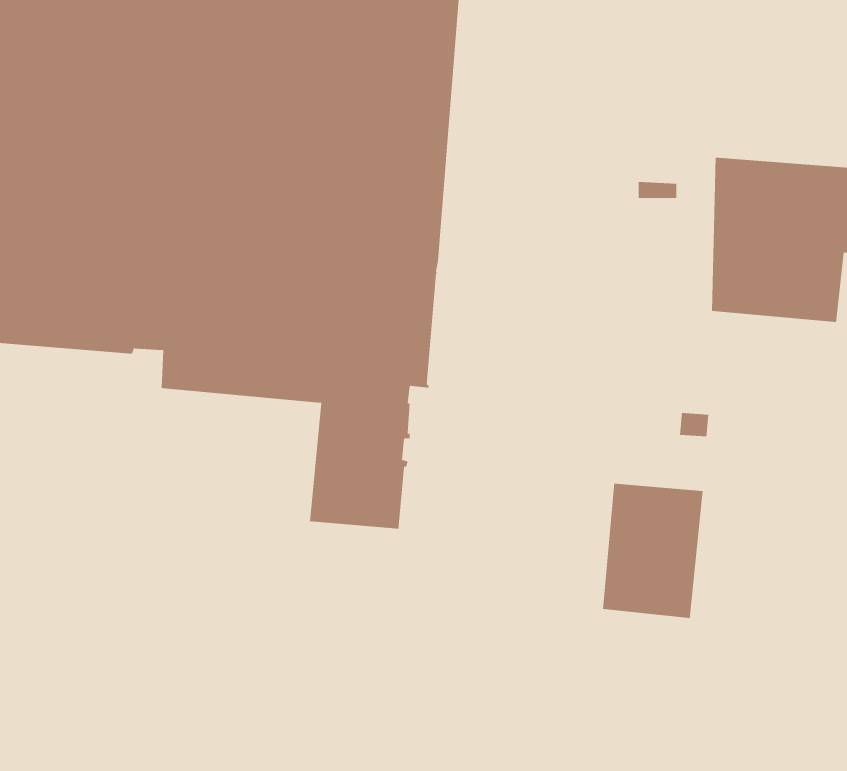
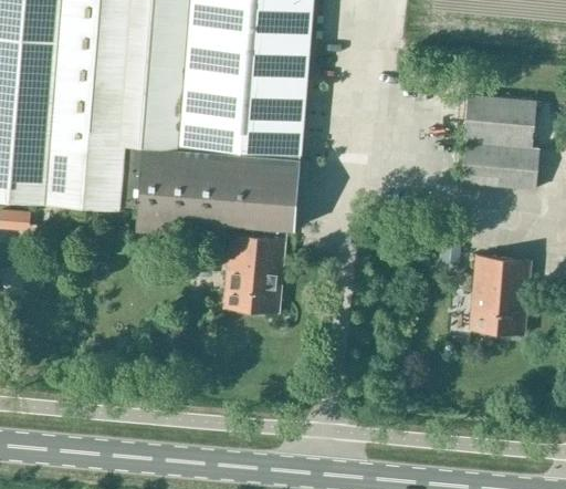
building: [602,483,704,619] -> [470,256,530,335]

